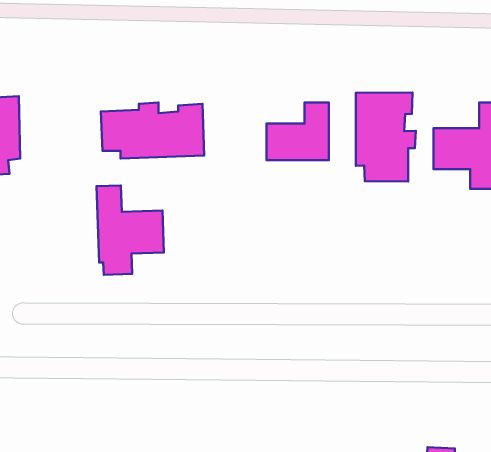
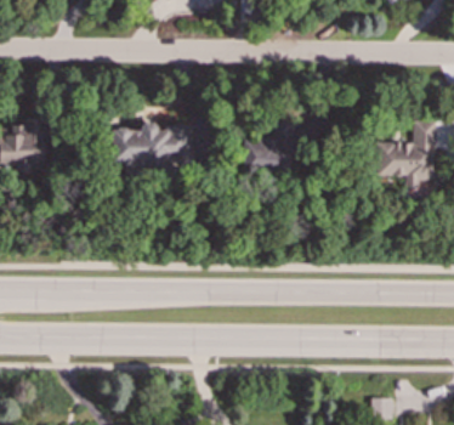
building: [356,93,416,181] -> none
building: [96,185,164,275] -> none

